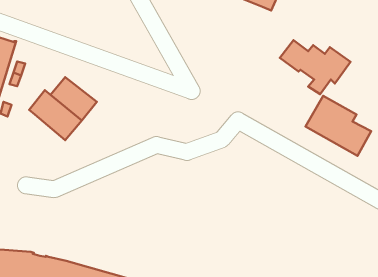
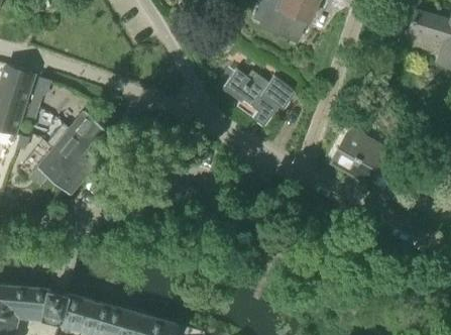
building: [280,40,350,94] -> [222,70,295,125]
building: none -> [37,148,84,194]

